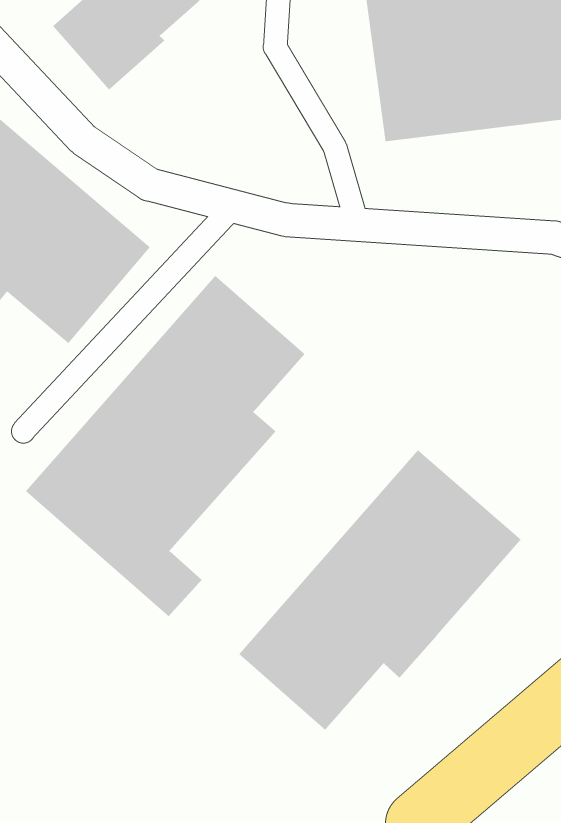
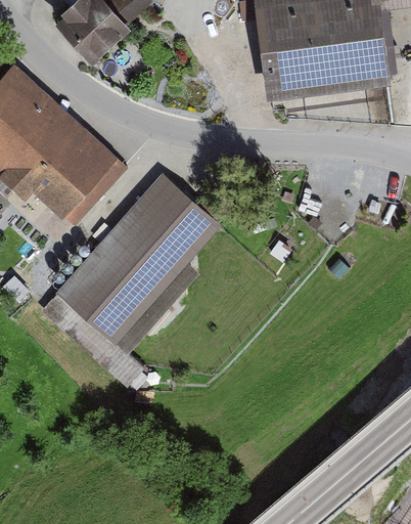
building: [238,449,522,731] -> none

